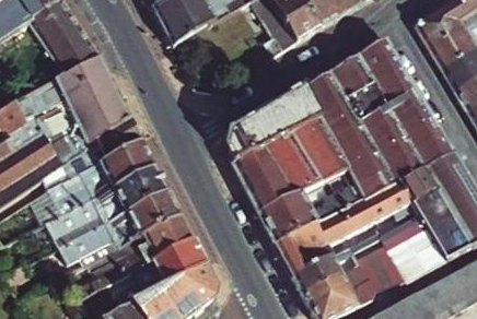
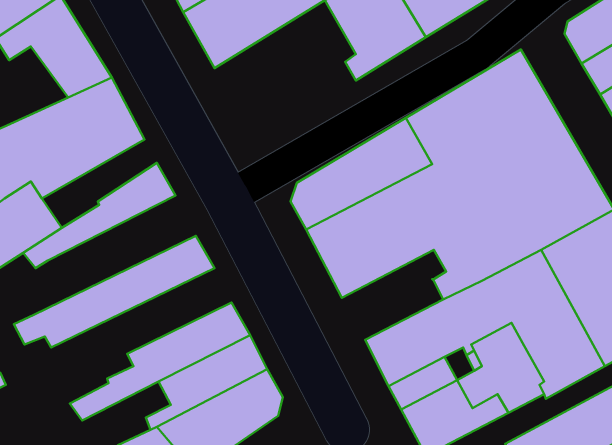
building: [49,99,130,162] -> none
building: [40,139,158,223] -> none
building: [260,177,334,240] -> none
building: [56,190,183,270] -> none

